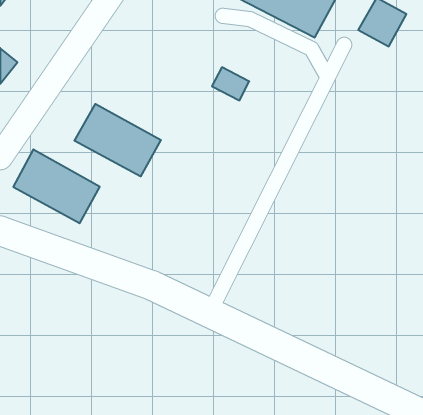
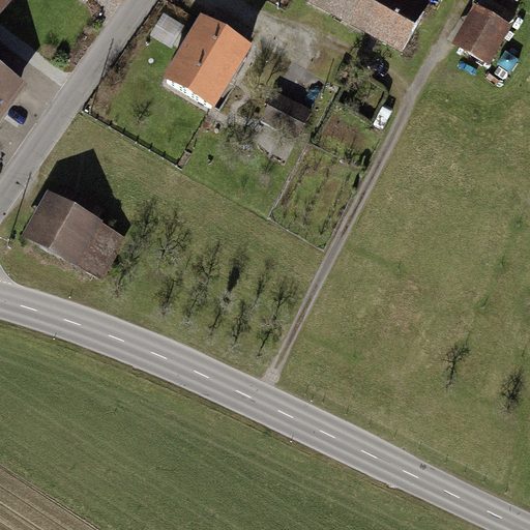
building: none -> [168,12,256,108]
building: [74,104,161,176] -> none

